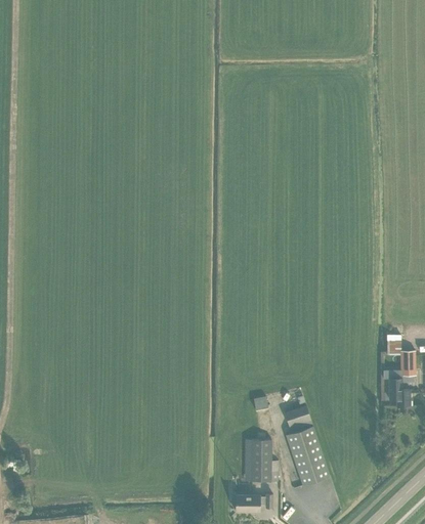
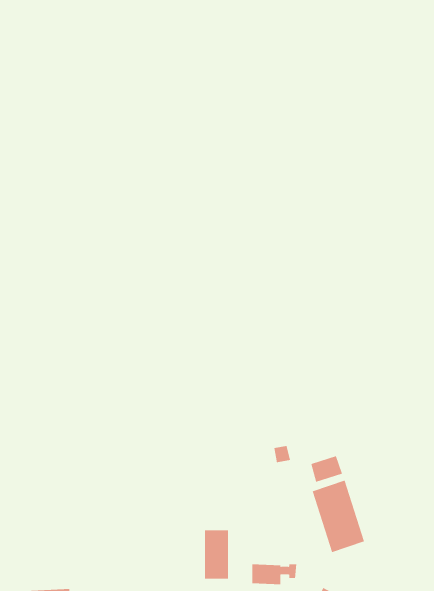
building: [248,438,268,479] -> [204,530,229,579]

